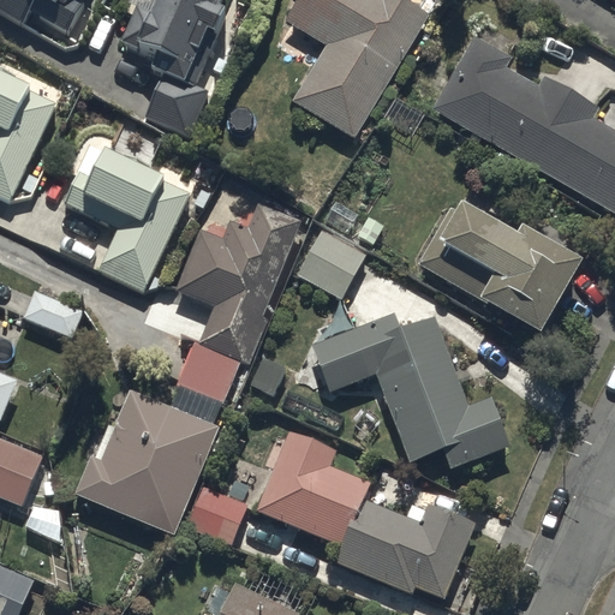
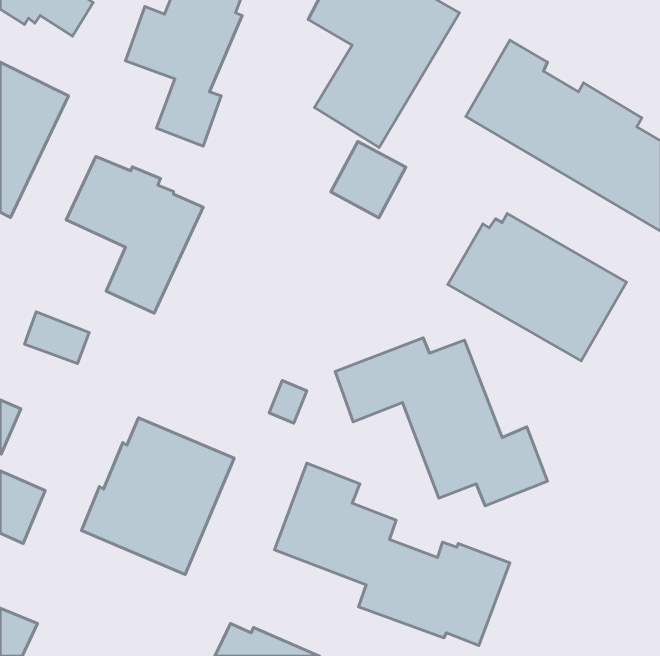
building: [173,195,305,405] -> none
building: [297,228,366,299] -> [331,141,406,218]
building: [189,485,247,545] -> none

